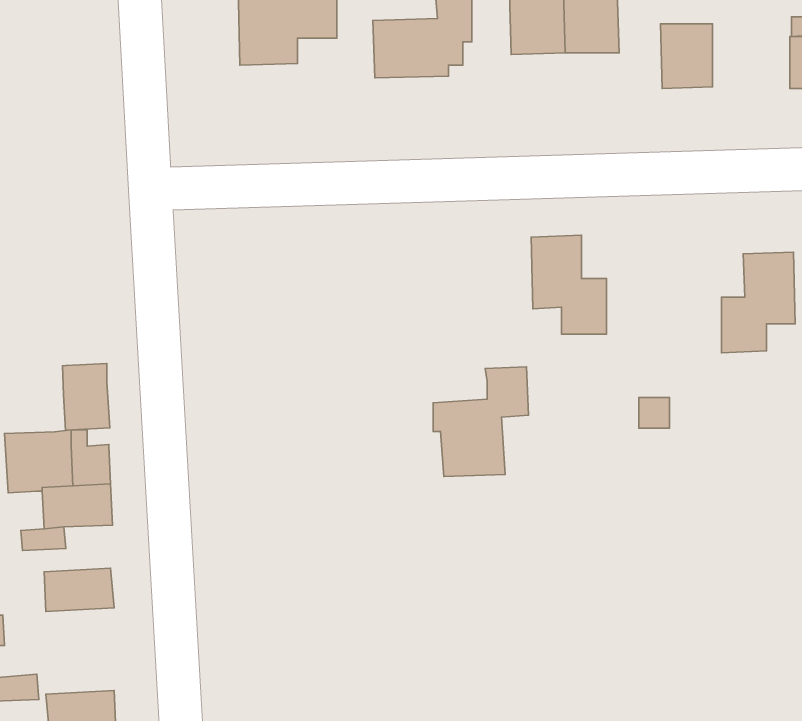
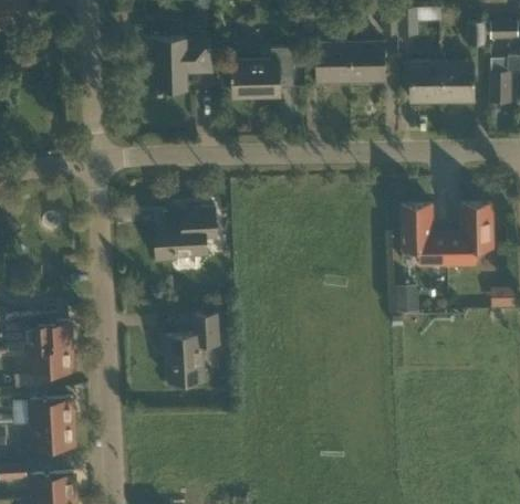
building: none -> [443,63,474,103]
building: [531,235,607,334] -> [402,206,448,266]
building: none -> [155,208,217,262]
building: [62,364,110,430] -> none
building: [433,367,528,476] -> [162,315,220,382]
building: none -> [32,423,75,450]

